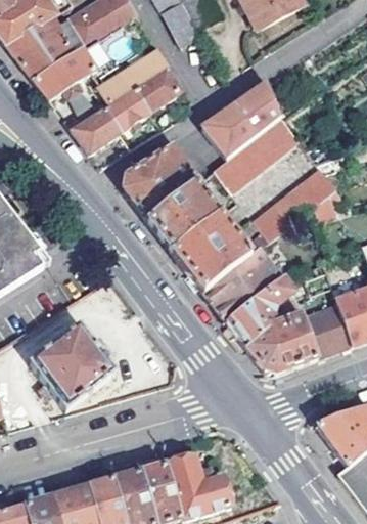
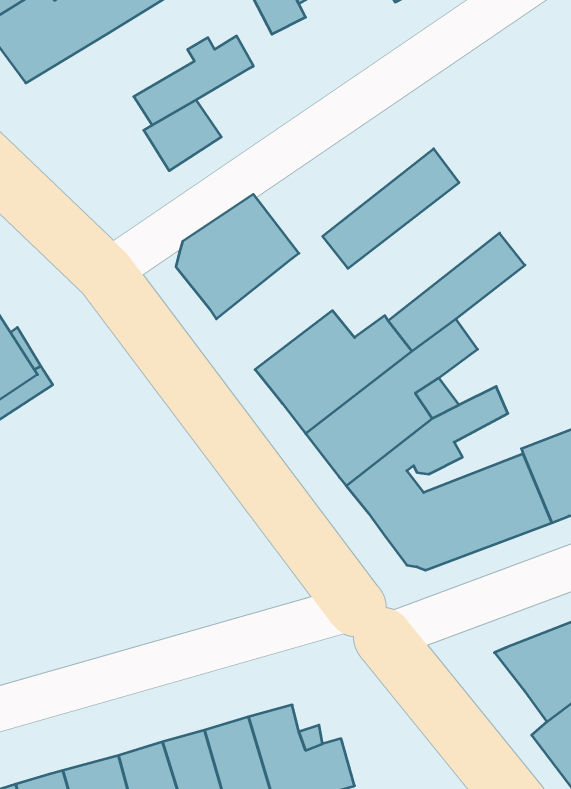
building: [33,47,94,97] -> none
building: [136,68,183,110] -> none
building: [201,80,280,159] -> none
building: [70,105,120,150] -> none
building: [148,183,219,251] -> none
building: [30,322,114,407] -> none

